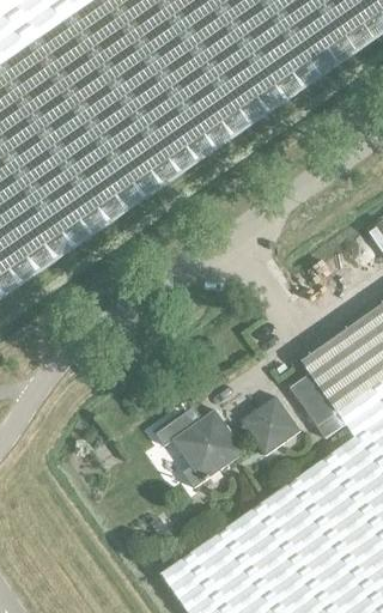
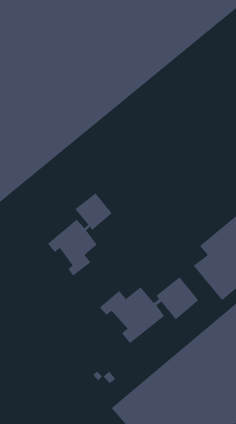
building: none -> [47,193,113,277]

